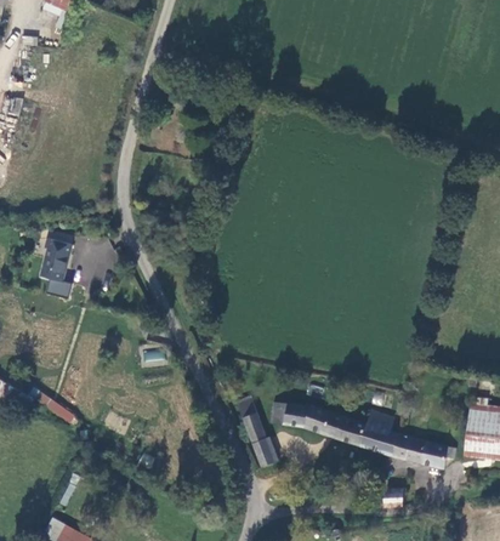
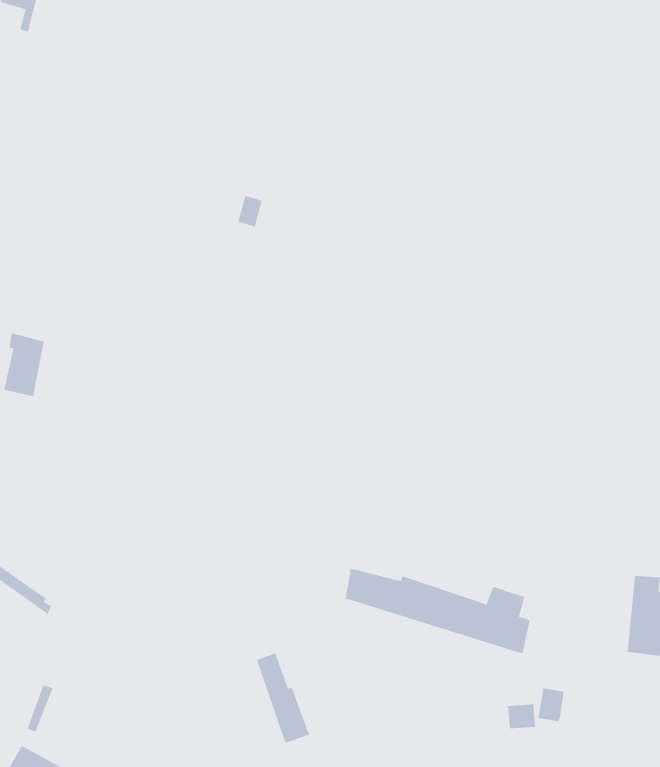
building: [243,411,279,473] -> [256,653,310,744]
building: [394,432,456,468] -> none

